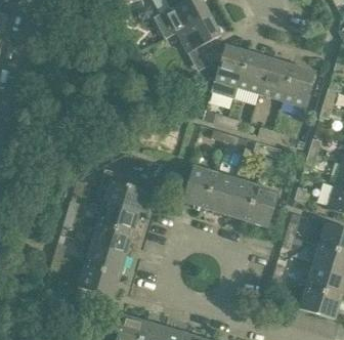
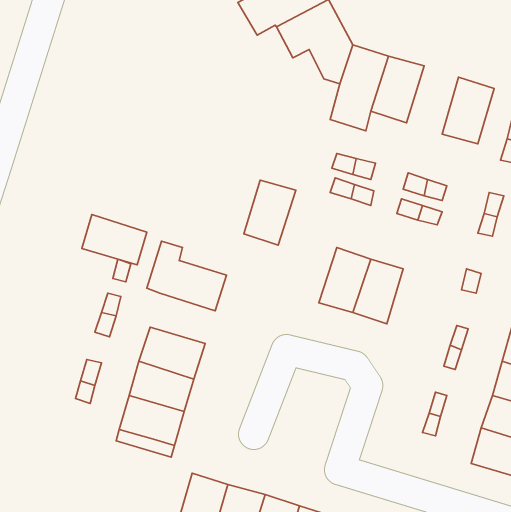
building: [259,57,292,100] -> none
building: [182,166,215,207] -> [244,180,296,245]
building: [247,185,279,226] -> none
building: [97,201,138,232] -> [82,214,147,265]

